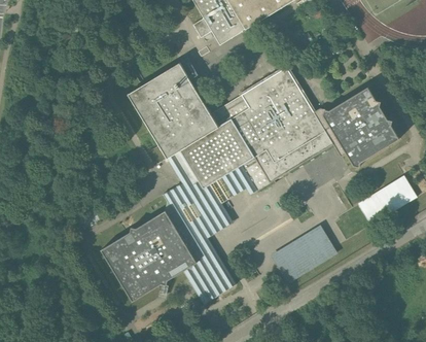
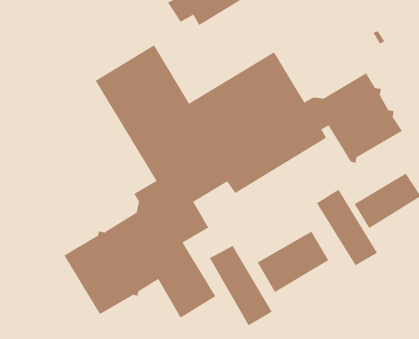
building: none -> [316,189,378,266]
building: none -> [209,245,272,326]

